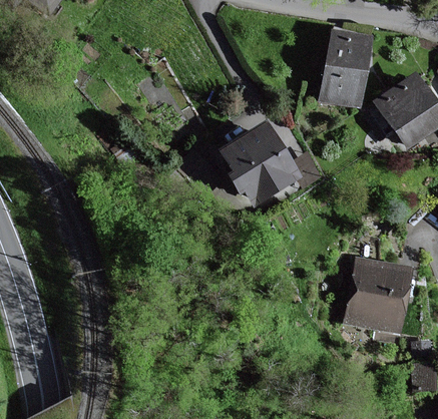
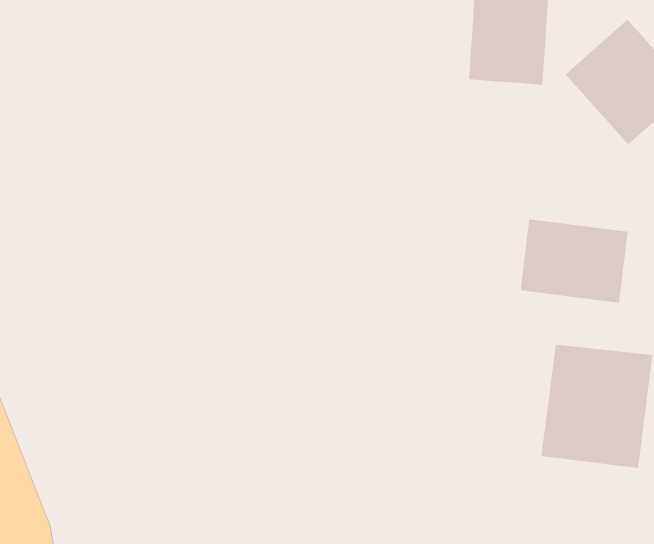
building: [215,119,301,206] -> none
building: none -> [520,219,628,303]

